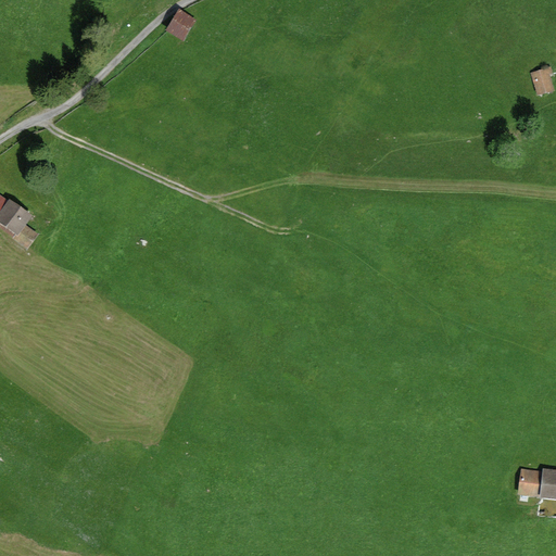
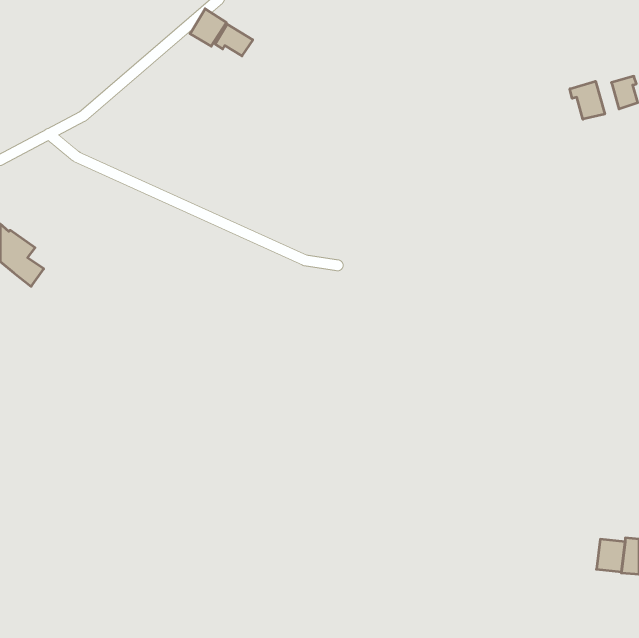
building: none -> [215,24,253,56]
building: none -> [570,81,605,119]

